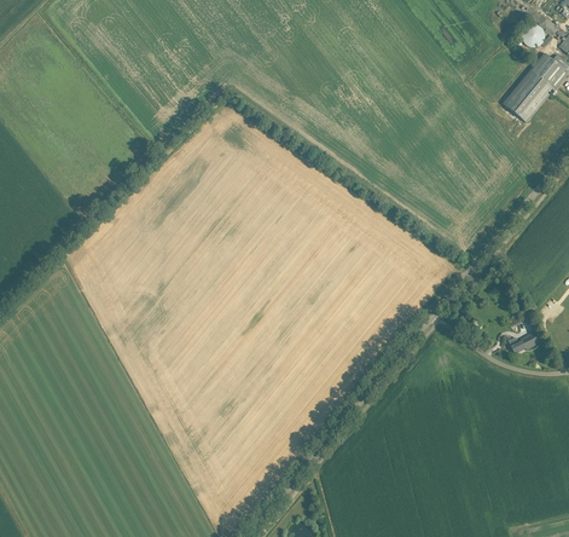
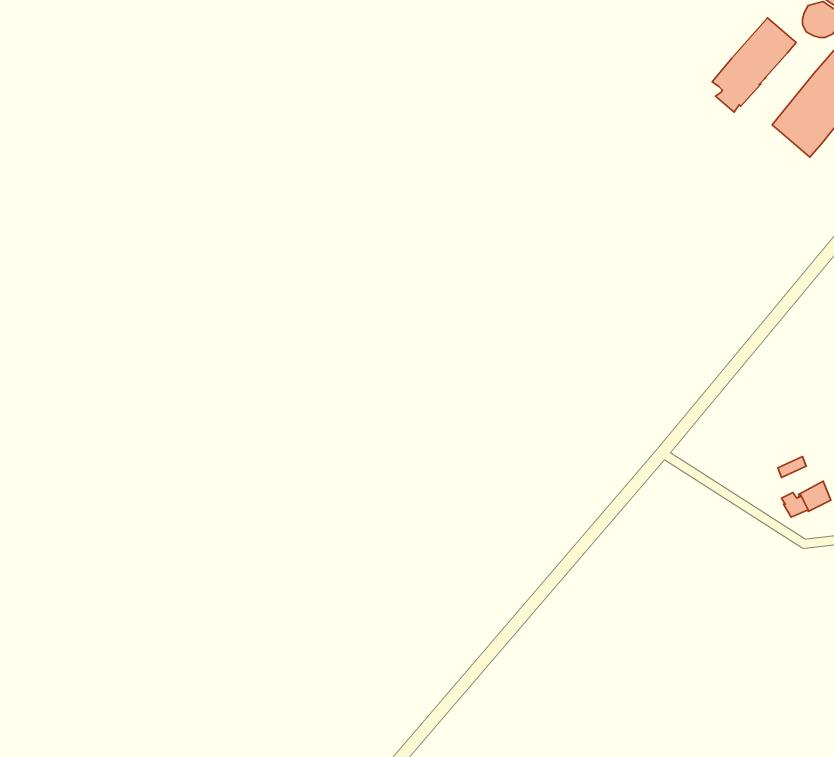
building: none -> [712,18,796,112]

